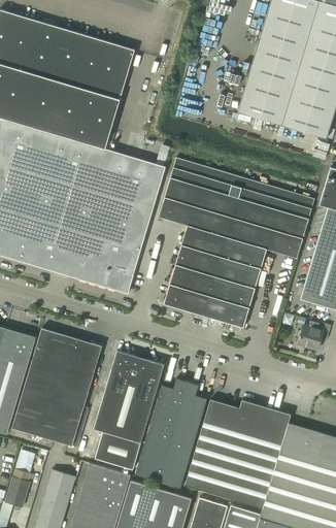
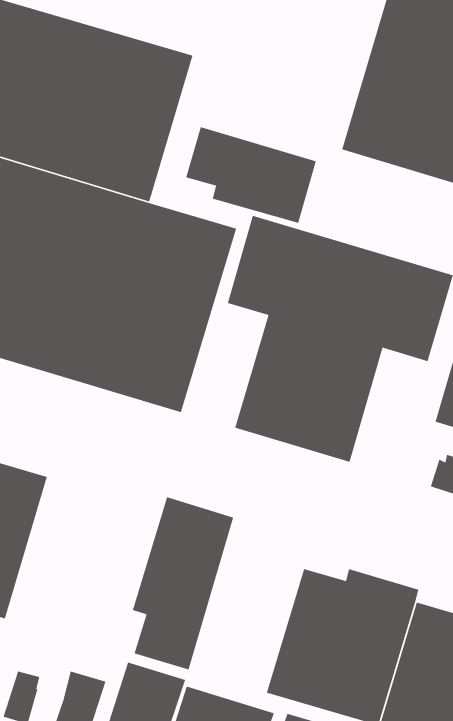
building: none -> [185,126,317,224]
building: [12,329,102,446] -> none
building: [135,378,208,489] -> none

